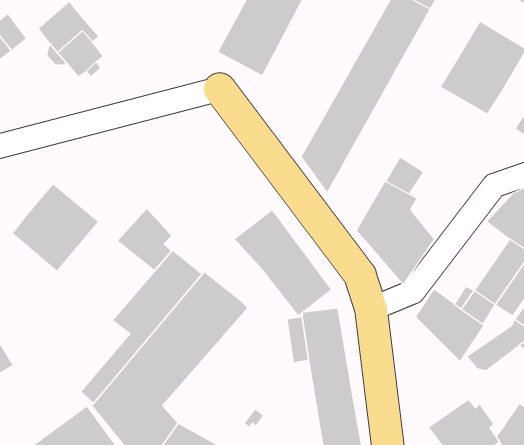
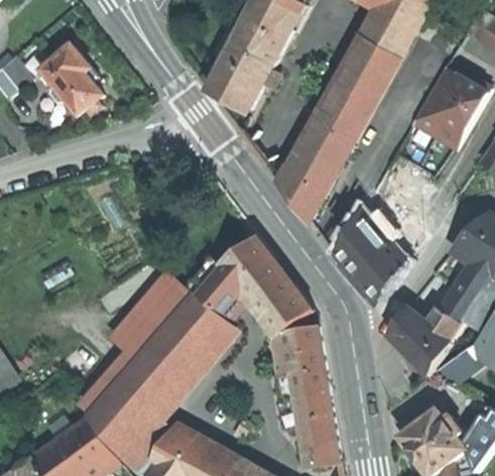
building: [12,184,99,272] -> none
building: [117,208,172,271] -> [194,263,244,321]

